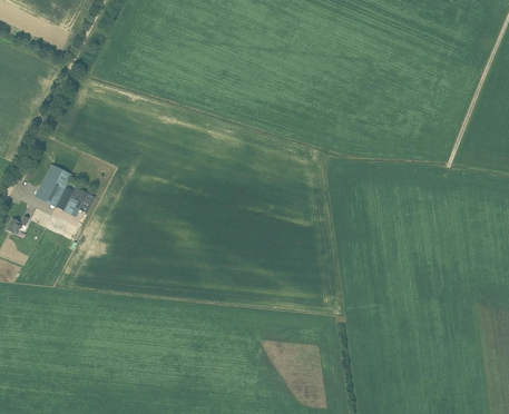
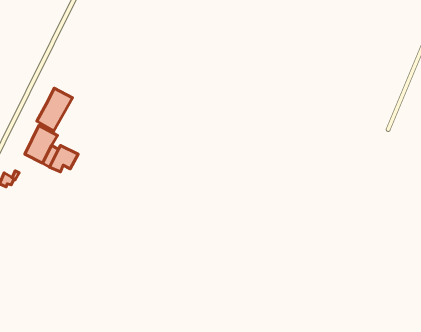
building: none -> [37,88,72,131]

